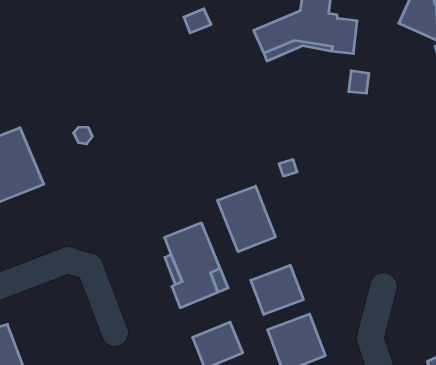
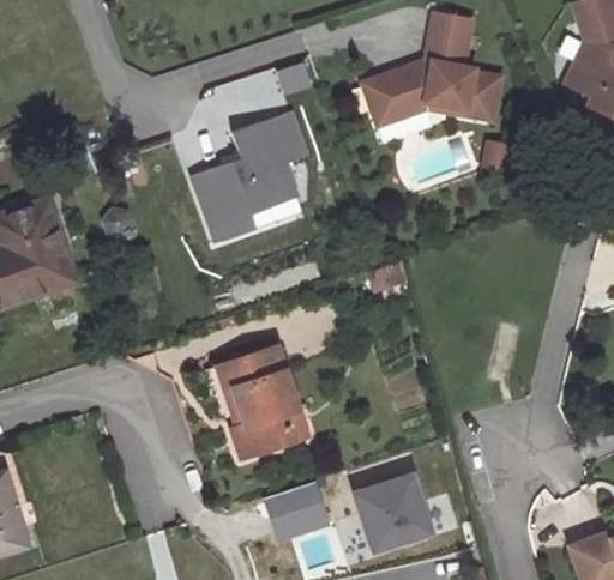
building: none -> [191,115,307,247]
building: [218,186,275,252] -> none
building: [251,265,303,315] -> none

